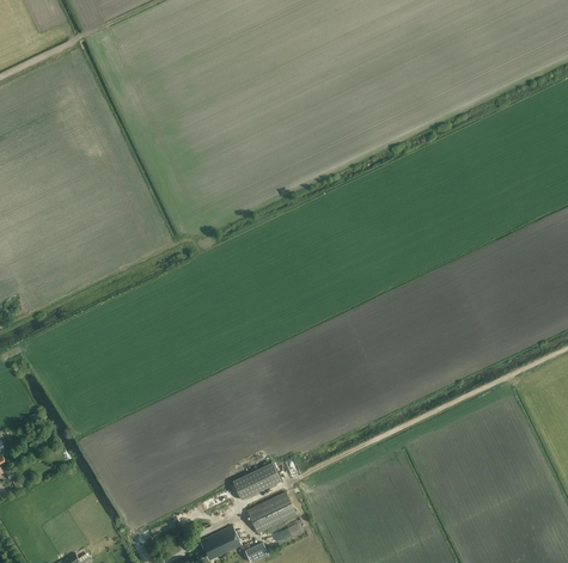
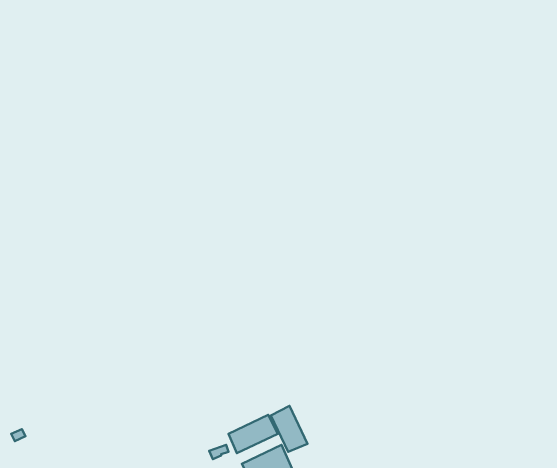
building: none -> [271,406,307,452]

